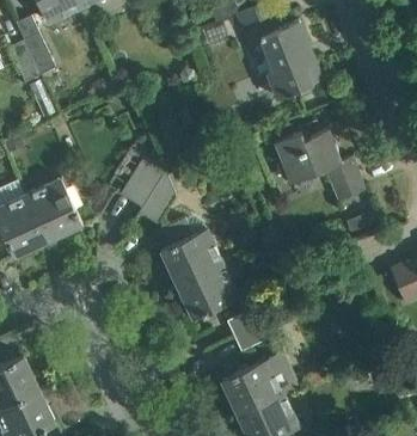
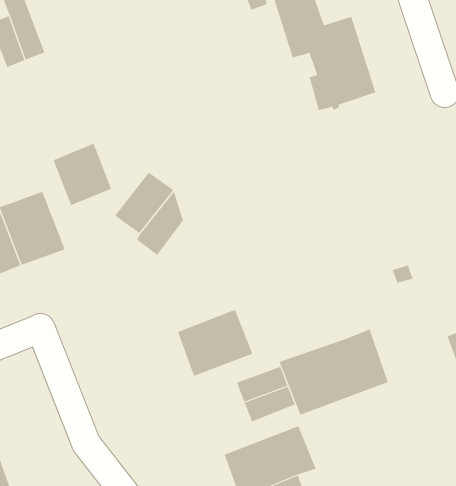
building: [274,123,366,202] -> none
building: none -> [53,143,112,206]
building: [160,219,222,284] -> none
building: none -> [279,328,389,416]

